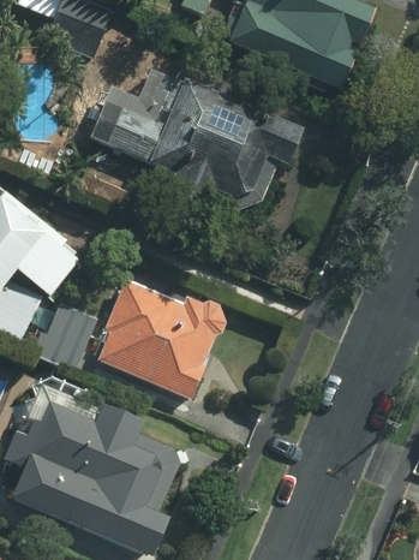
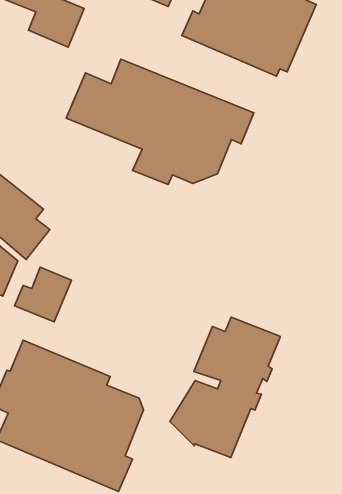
building: [100,281,226,395] -> none
building: none -> [170,317,280,457]

